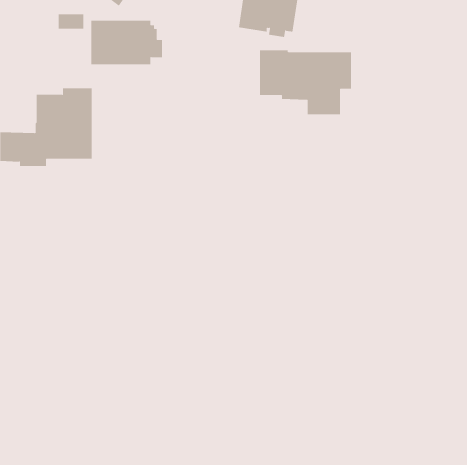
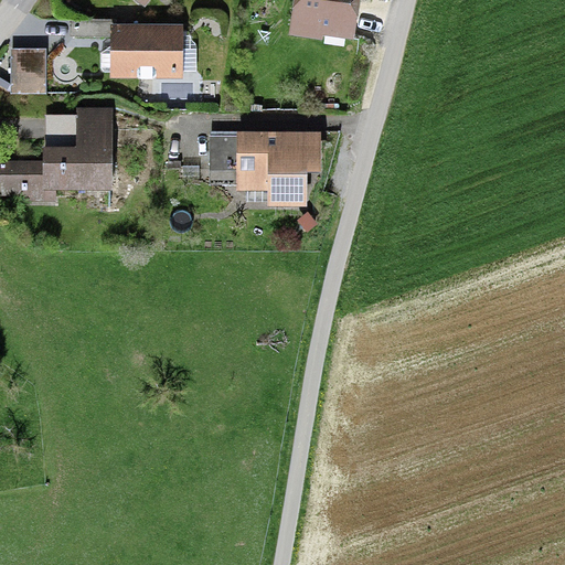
building: none -> [9,47,46,92]
building: [259,50,352,115] -> [209,130,320,209]

